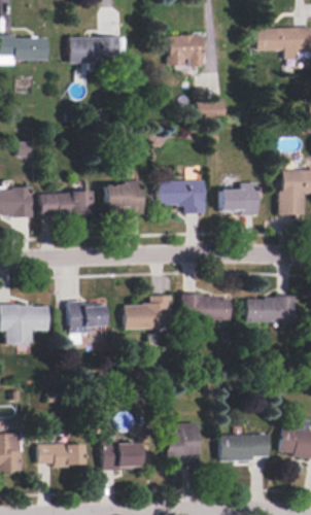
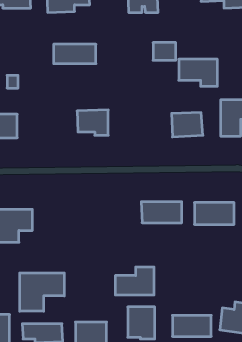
building: [159,181,206,214] -> [179,59,217,86]
building: [42,193,94,216] -> [54,44,96,64]
building: [127,296,174,330] -> [115,267,154,295]
building: [69,302,107,334] -> none
building: none -> [20,273,64,311]

